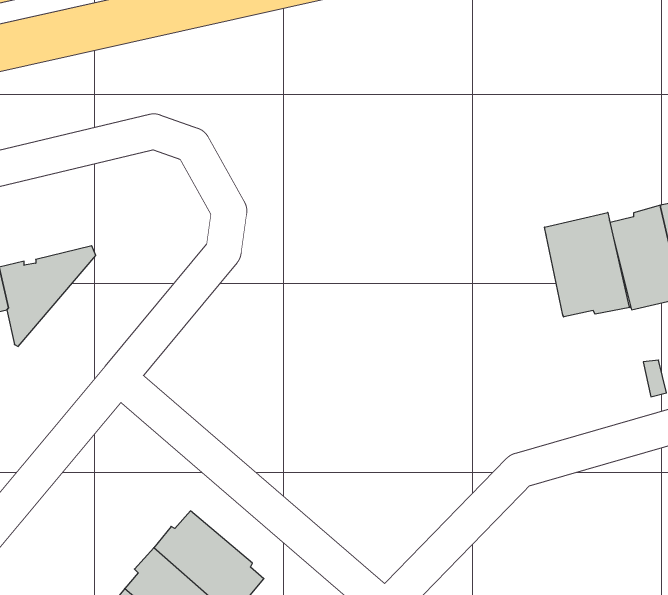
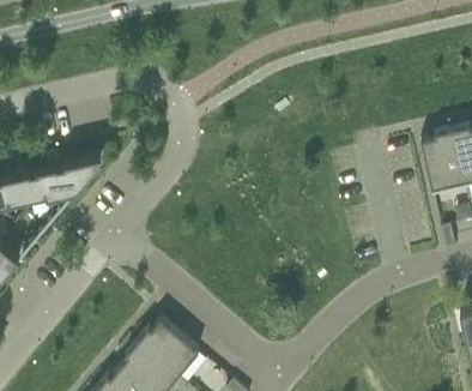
building: [545,212,630,317] -> none

